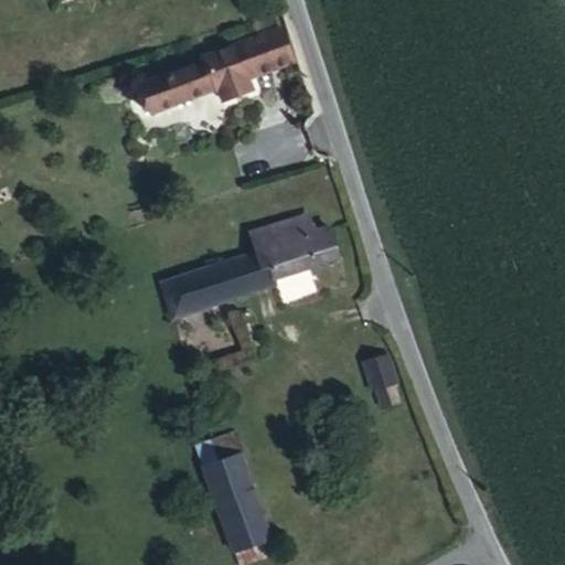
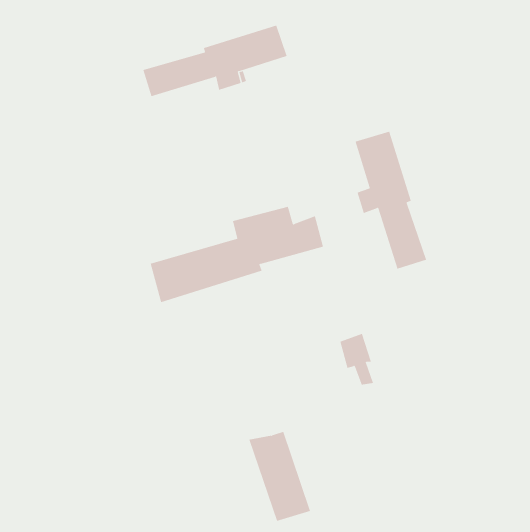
building: none -> [355,131,427,270]
building: [201,447,267,543] -> [249,431,311,522]

